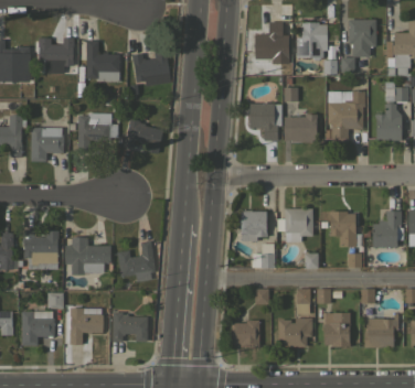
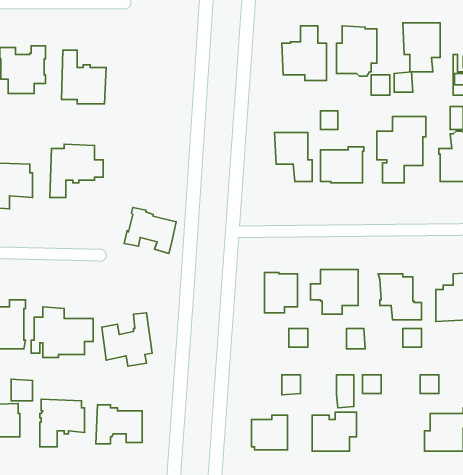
building: [132,51,171,86] -> none
building: [124,119,163,154] -> [124,207,176,253]
building: [323,312,351,346] -> none

